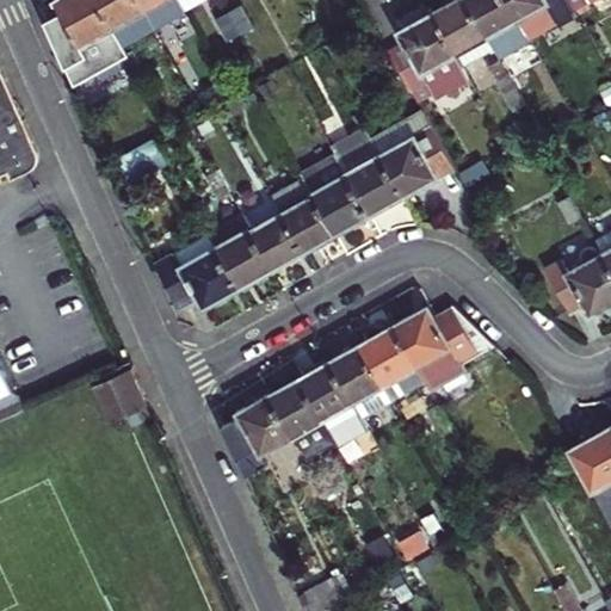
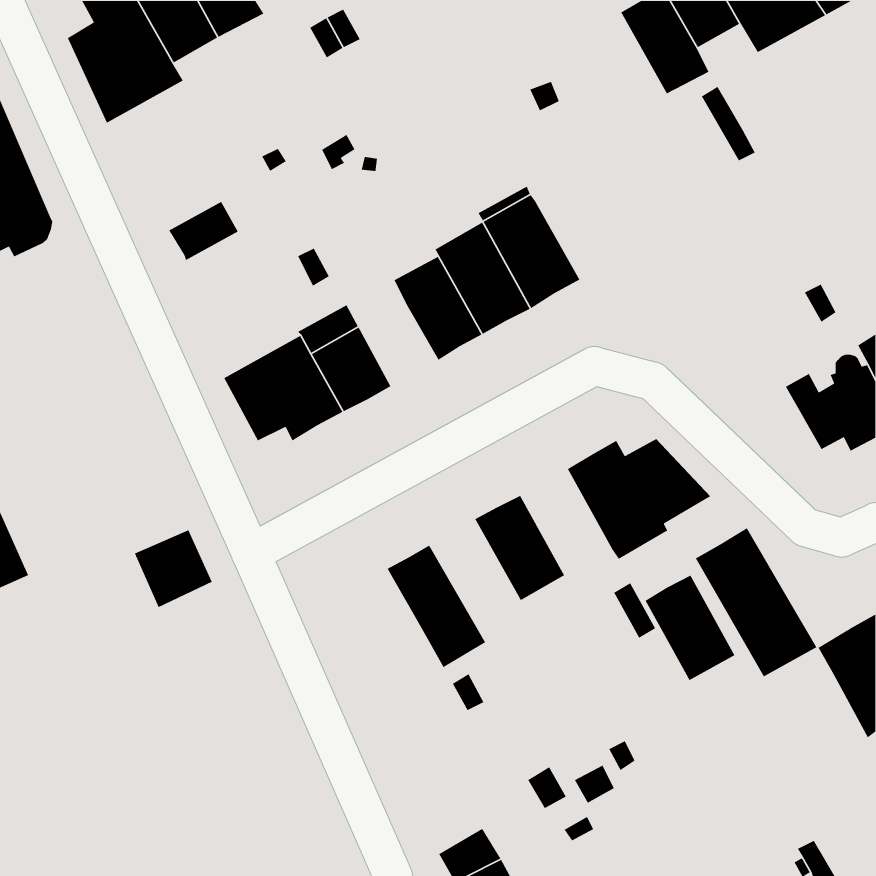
building: [388,10,470,100] -> none
building: [372,112,453,196] -> none
building: [251,212,304,270] -> none
building: [362,327,425,401] -> [644,575,735,681]
building: [298,362,370,452] -> none
building: none -> [695,527,818,678]
building: [223,396,292,477] -> none

